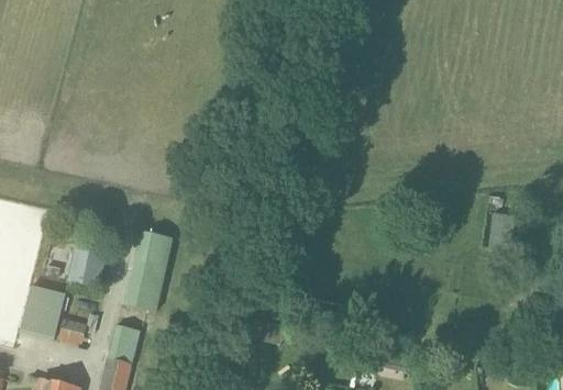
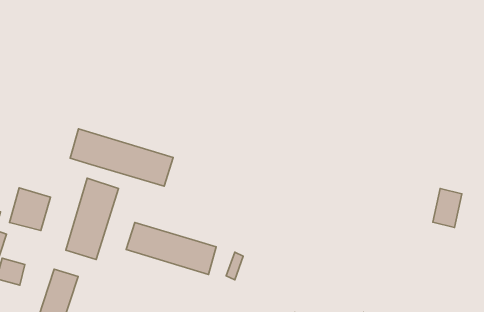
building: none -> [70,129,173,186]
building: none -> [126,222,216,275]

